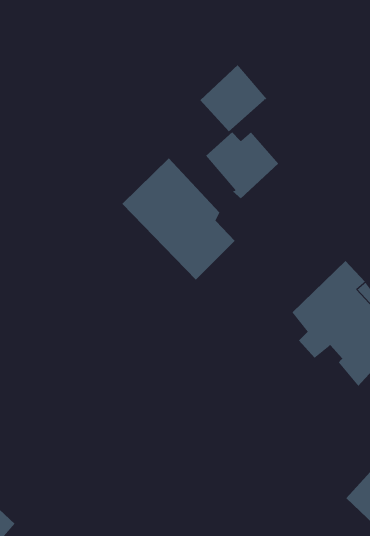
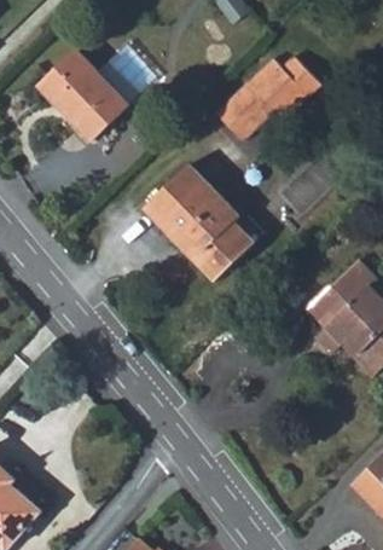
building: none -> [39,47,129,138]
building: [205,131,279,199] -> [251,53,321,117]

